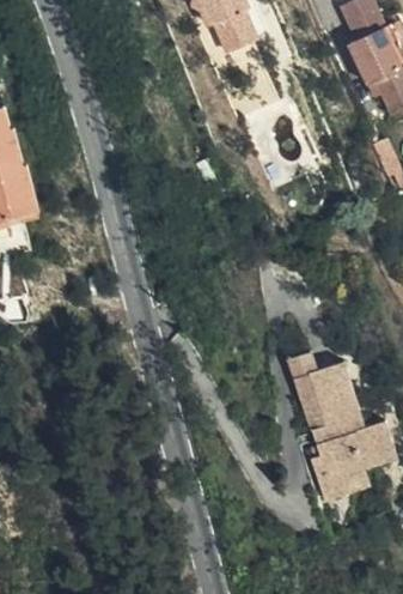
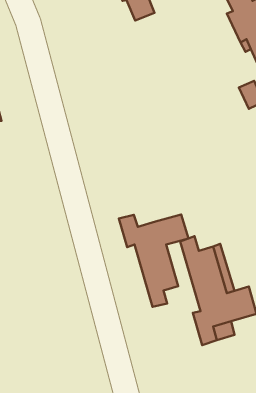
building: none -> [119,214,188,307]

